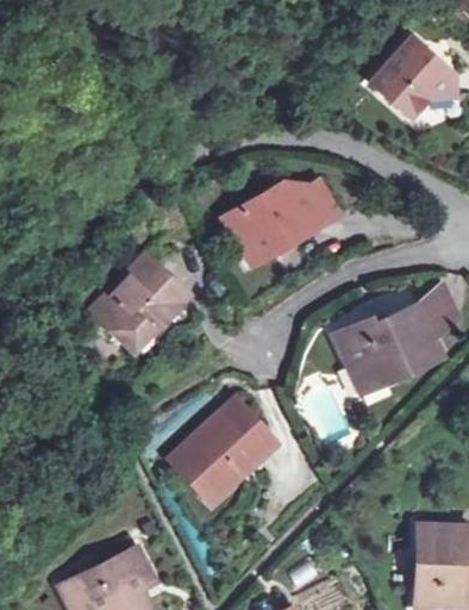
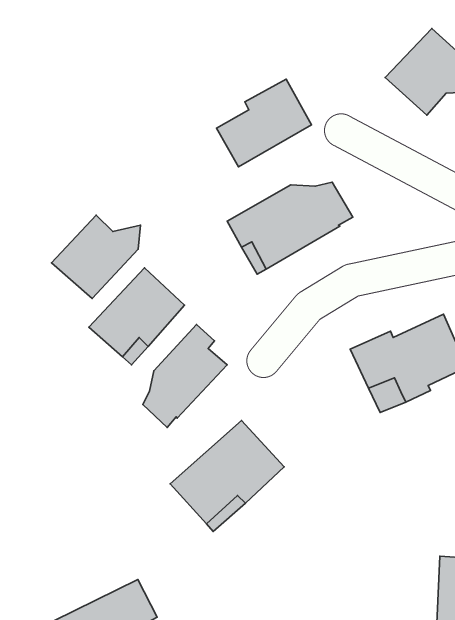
building: none -> [216,79,312,167]
building: none -> [52,215,141,298]
building: none -> [143,325,227,427]

